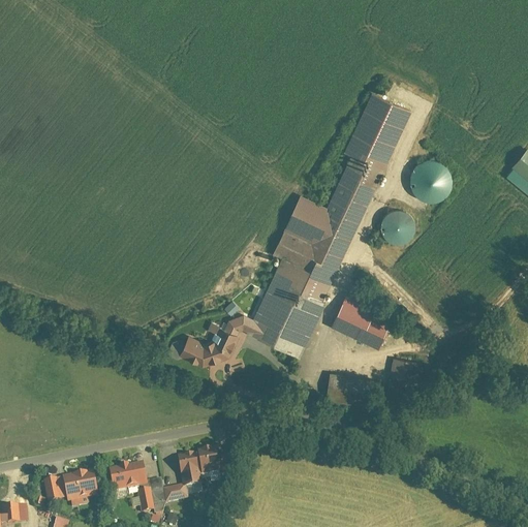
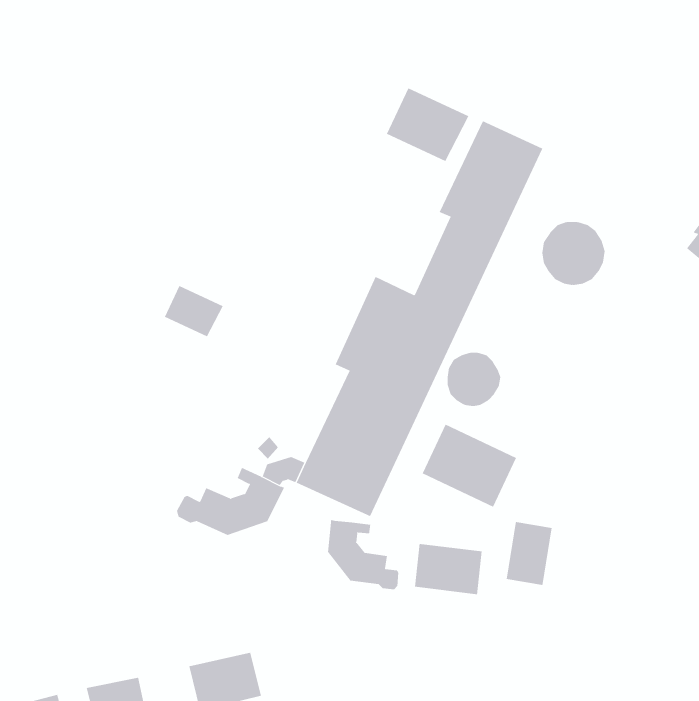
building: none -> [386,87,469,162]
building: none -> [164,285,223,337]
building: [382,208,418,244] -> [447,352,501,407]
building: none -> [328,519,399,590]

